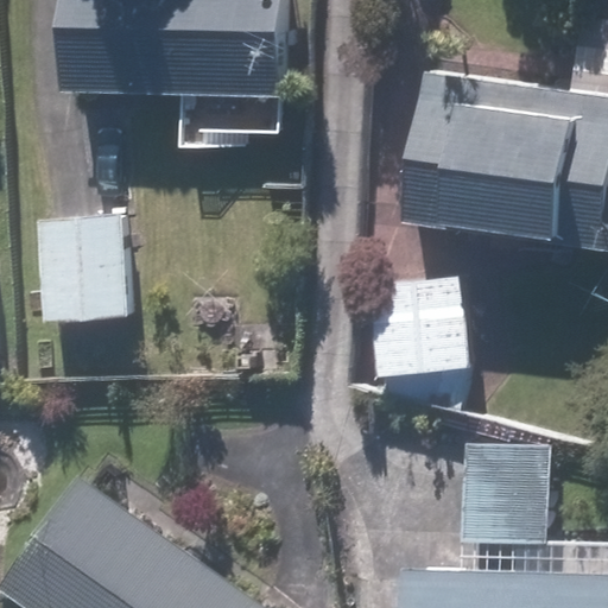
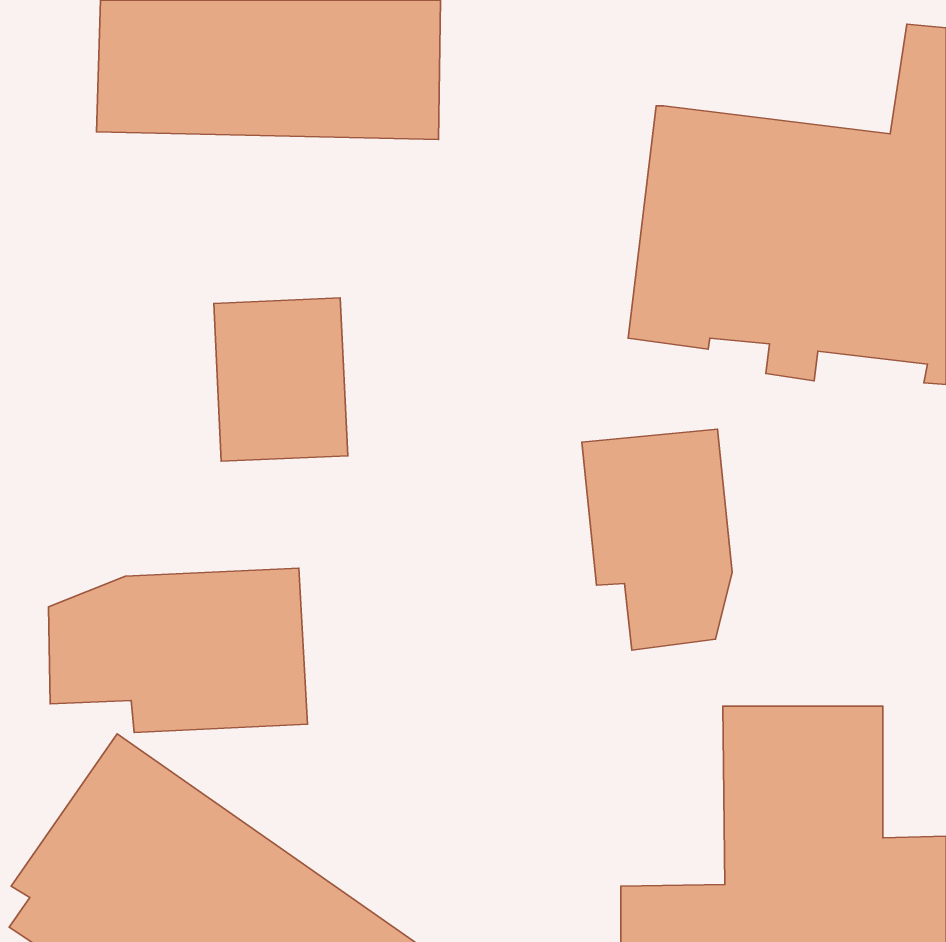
building: [39,216,125,321] -> [214,298,348,461]
building: none -> [49,568,307,732]

